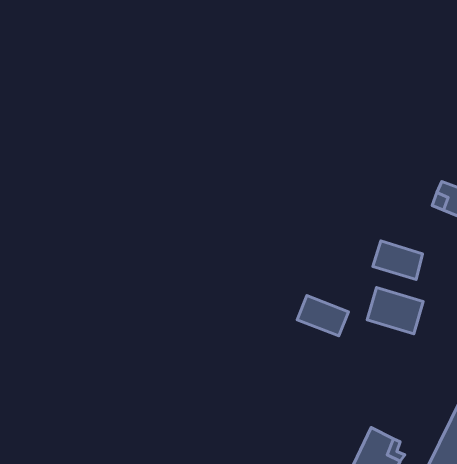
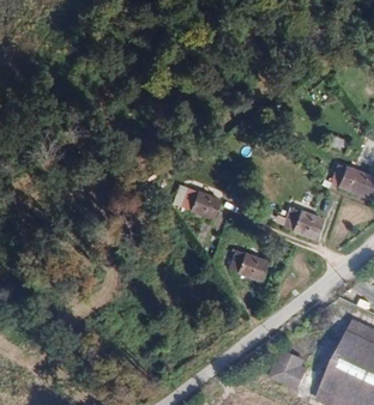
building: none -> [181,187,217,216]
building: [367,288,423,334] -> none

